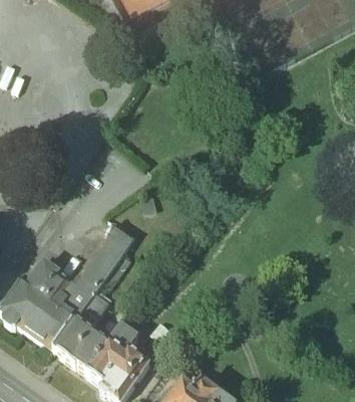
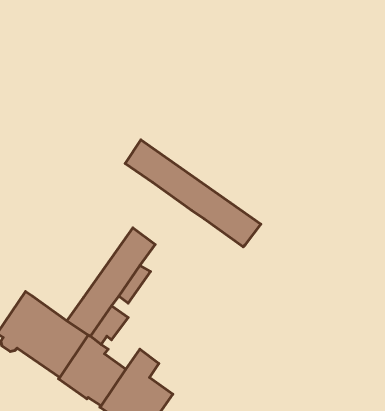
building: none -> [125,140,261,247]
building: [31,253,74,297] -> none

